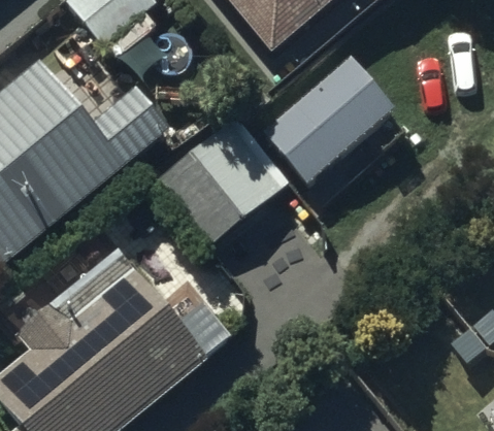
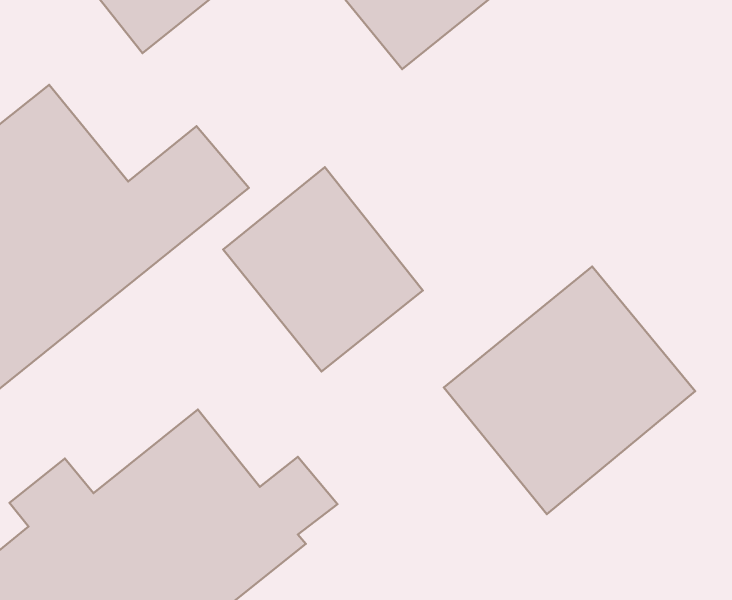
building: [264,57,395,181] -> none
building: none -> [444,266,695,514]

